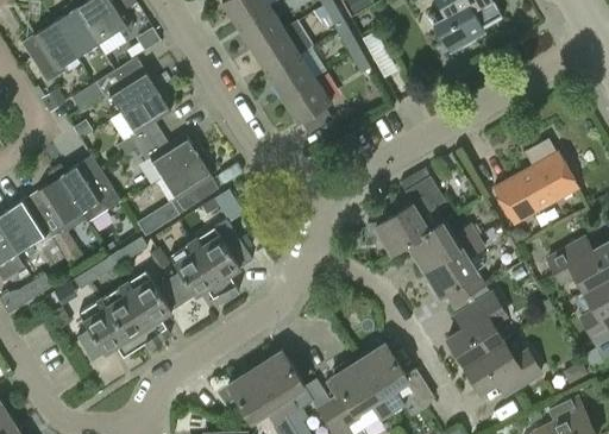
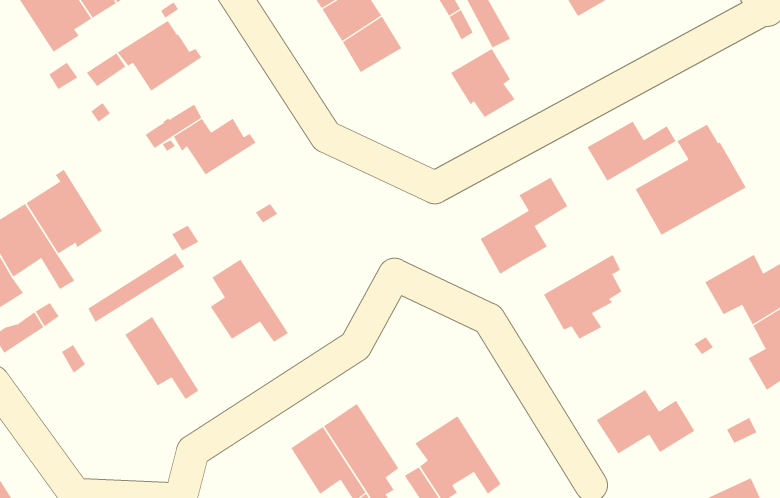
building: [282,80,332,133] -> [450,48,515,118]
building: [121,87,170,134] -> none
building: [163,152,219,214] -> none
building: [55,157,119,222] -> none
building: [190,219,251,298] -> none
building: [407,222,476,269] -> [587,121,677,181]
building: [123,270,183,342] -> none
building: [446,294,503,365] -> none
building: [76,300,133,360] -> none
building: [357,345,432,414] -> none

